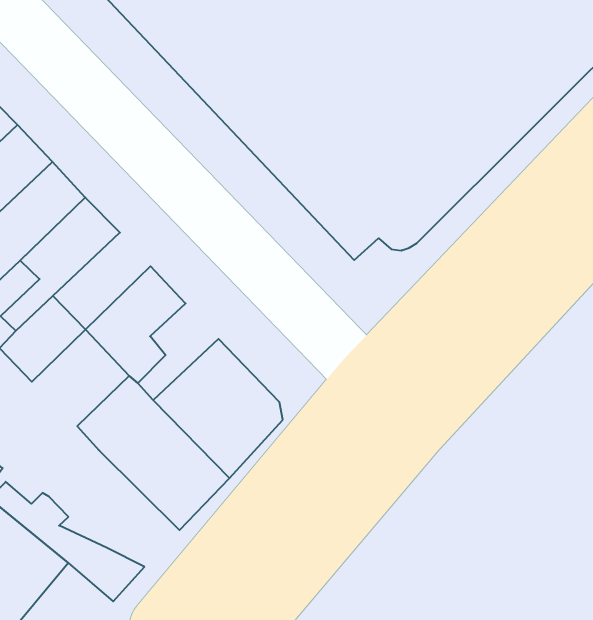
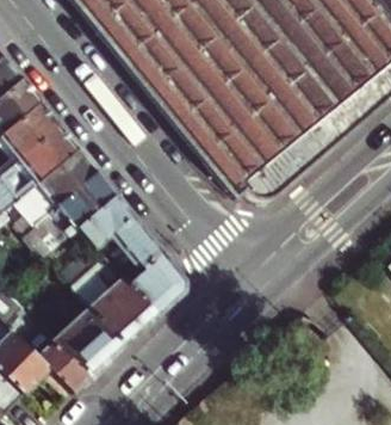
building: none -> [54,167,113,223]
building: none -> [100,213,150,269]
building: none -> [42,296,118,368]

